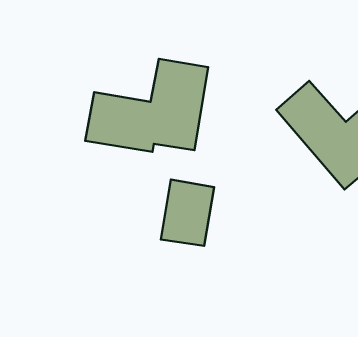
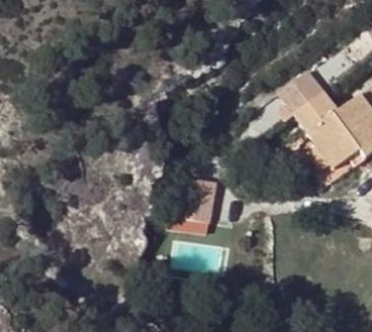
building: [85,59,208,152] -> none

